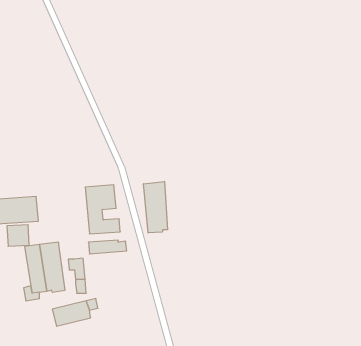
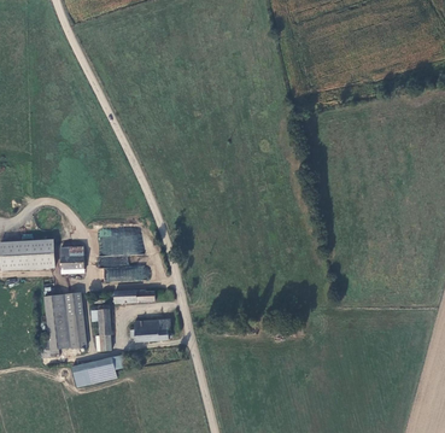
building: [144,181,167,233] -> none
building: [7,225,29,246] -> [57,244,82,268]
building: none -> [131,317,170,340]

